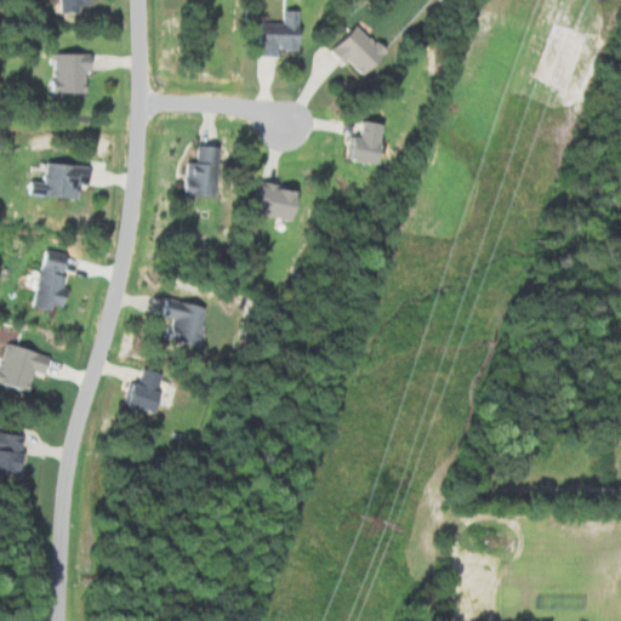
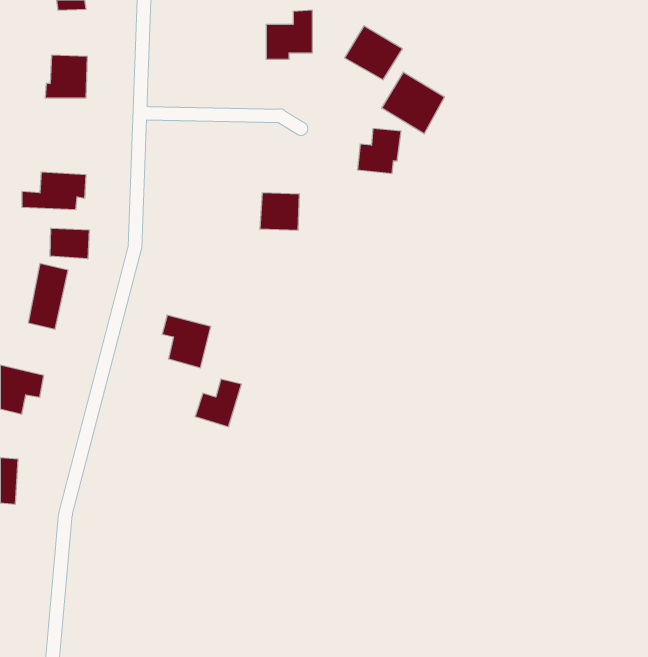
building: none -> [382,72,445,134]
building: [186,146,218,196] -> none
building: none -> [50,228,89,259]
building: [123,369,166,414] -> [195,379,241,427]

